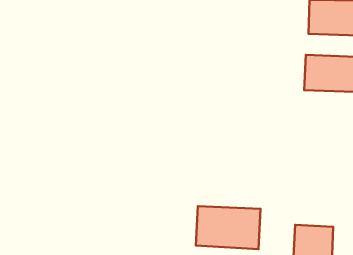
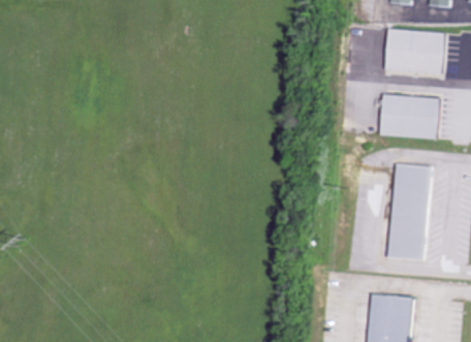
building: none -> [386,164,431,260]
building: [196,206,261,249] -> none

